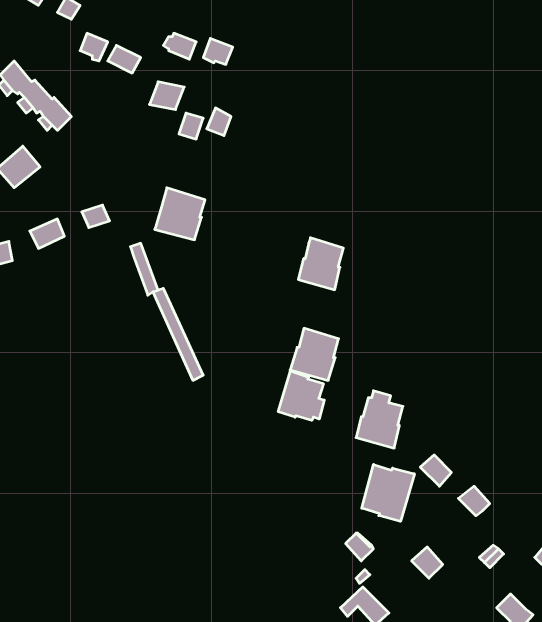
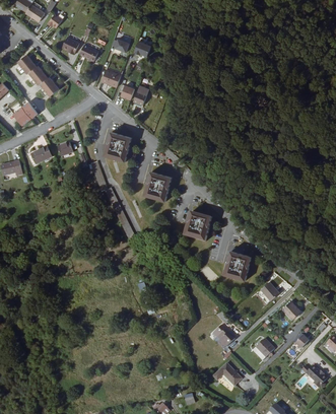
building: [298,238,343,290] -> [146,168,173,199]
building: [278,371,324,420] -> none
building: [362,464,414,521] -> none

